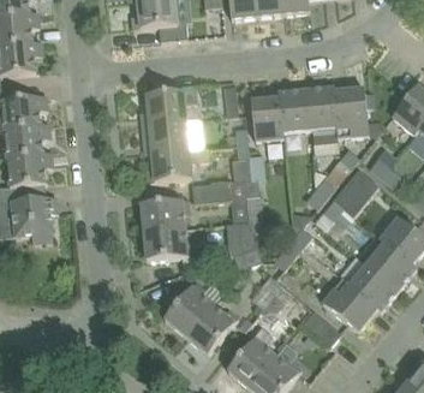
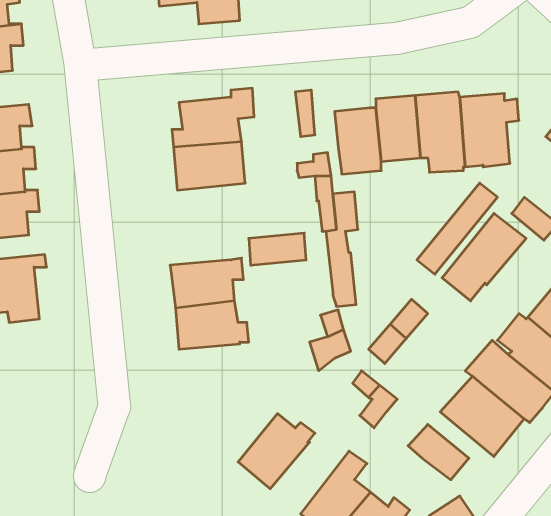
building: [144,147,210,183] -> none
building: [163,281,211,335] -> none

